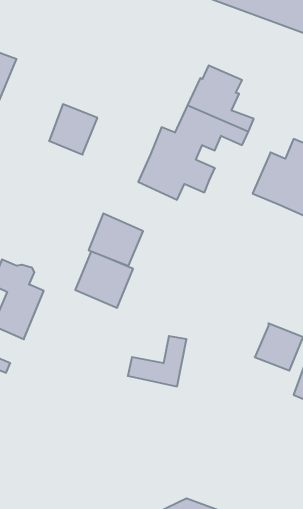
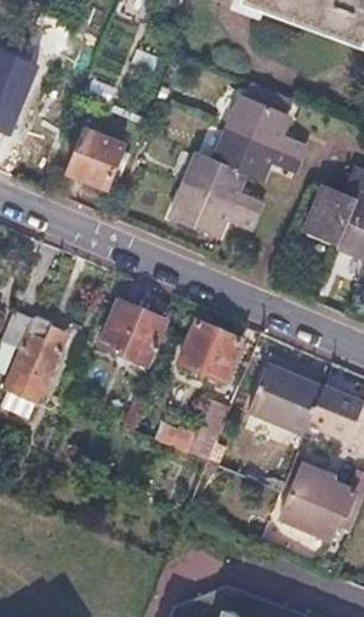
building: [89,213,143,266] -> [177,321,240,381]
building: none -> [246,363,322,434]
building: none -> [280,468,356,538]

